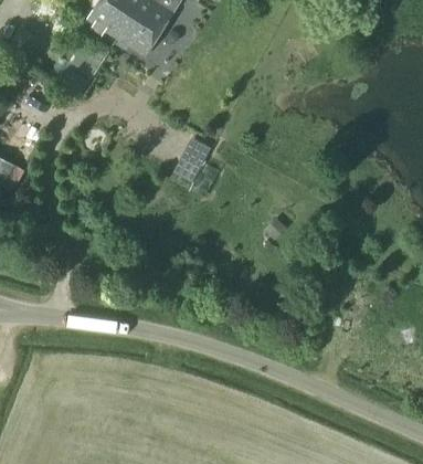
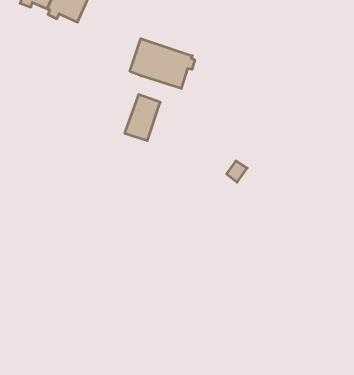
building: none -> [130,39,195,89]

